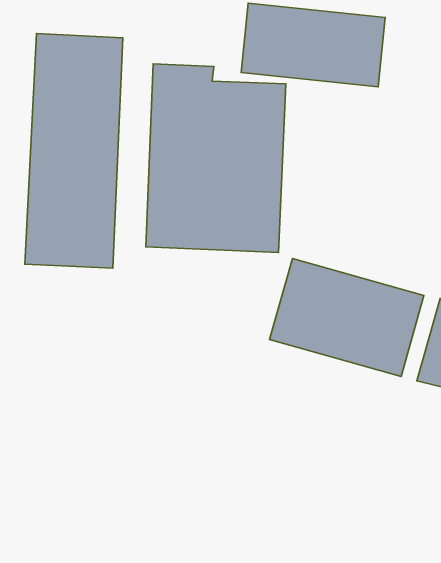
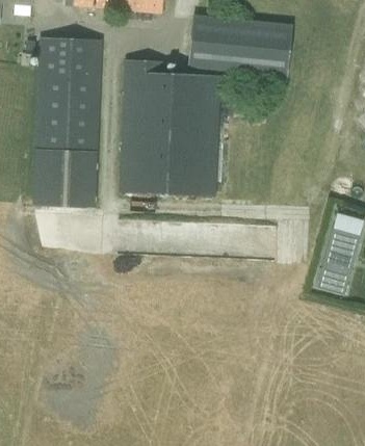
building: [270,259,424,376] -> none

